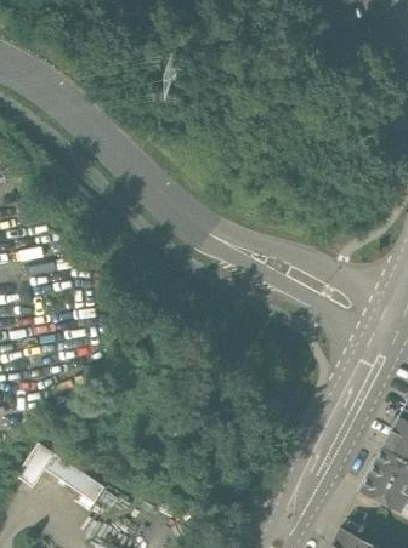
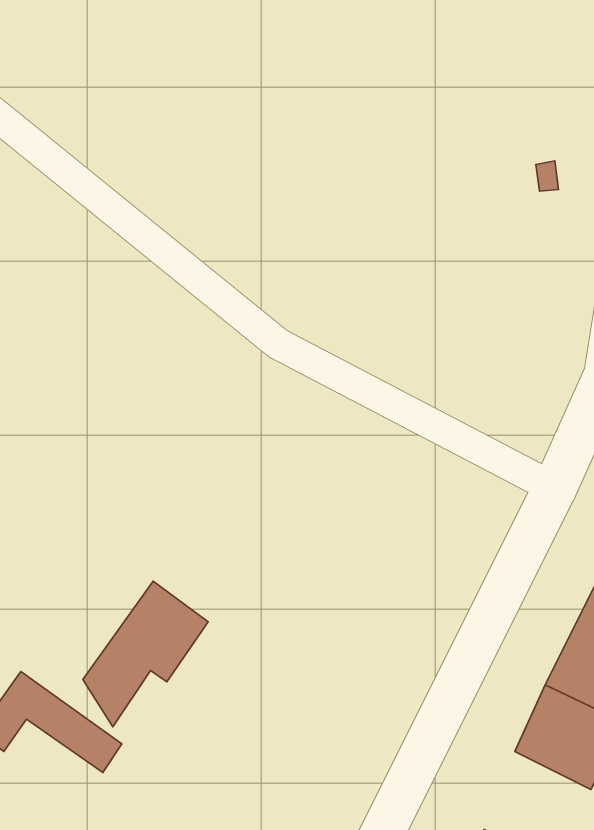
building: none -> [83,581,208,727]

